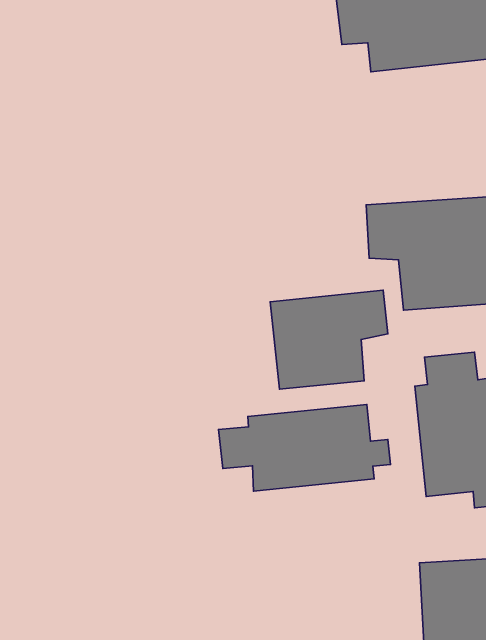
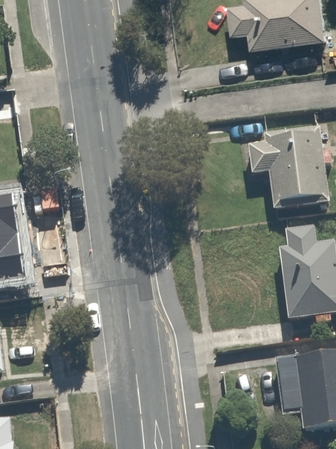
building: [270,290,388,389] -> none
building: [219,405,390,491] -> none

